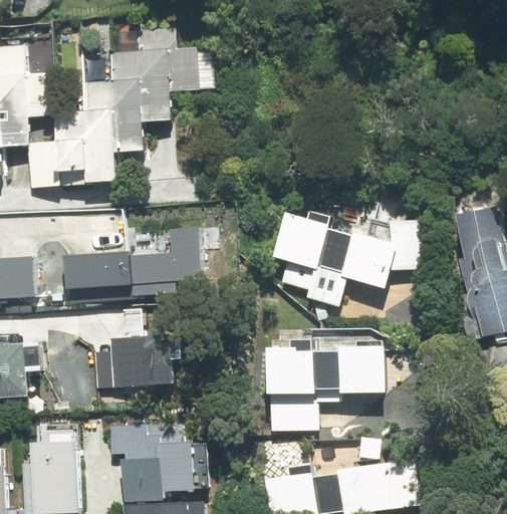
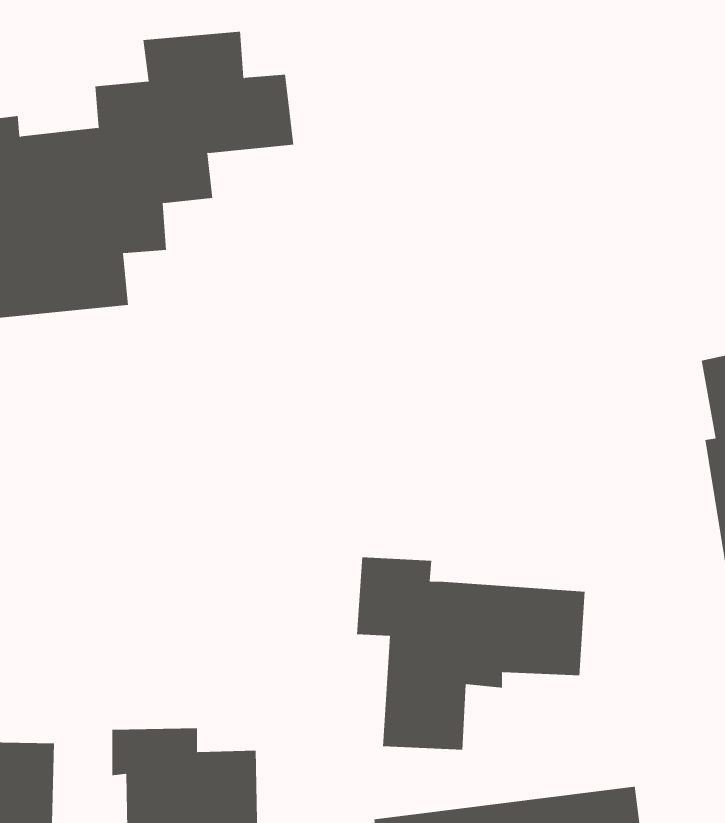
building: [275,205,430,306] -> none
building: [143,229,203,296] -> none
building: [58,255,134,292] -> none
building: [101,332,178,388] -> none

